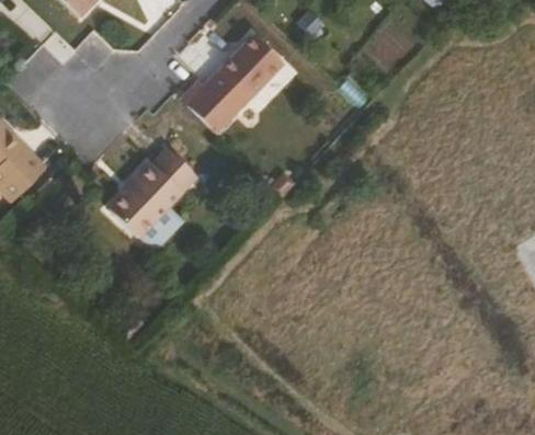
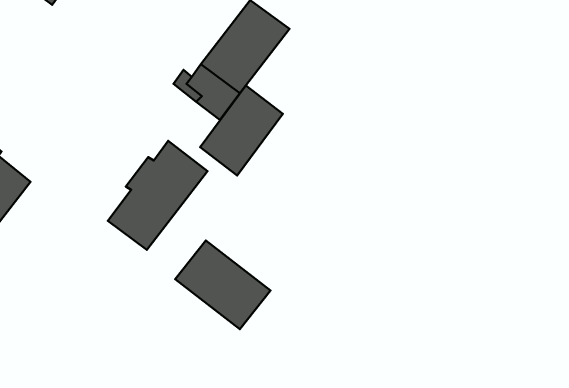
building: none -> [200,86,283,175]
building: none -> [175,240,271,329]

